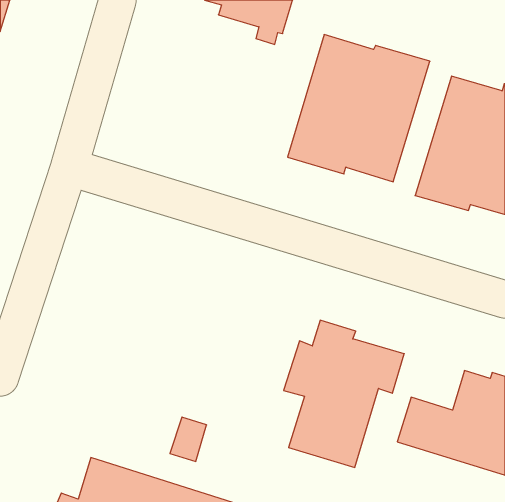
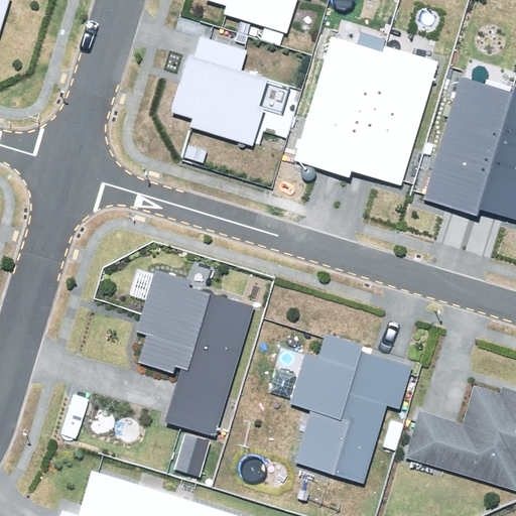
building: none -> [169,39,267,149]
building: none -> [137,268,255,433]

